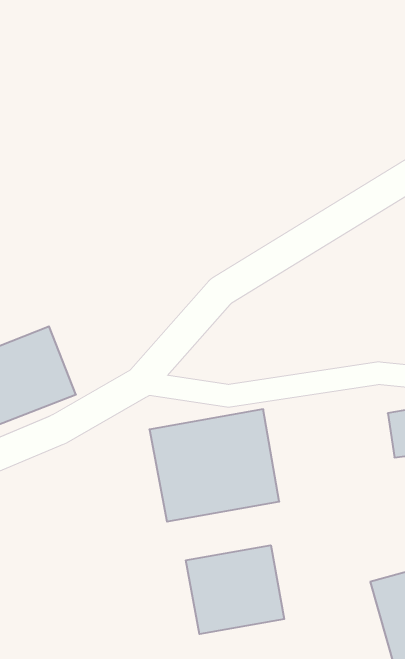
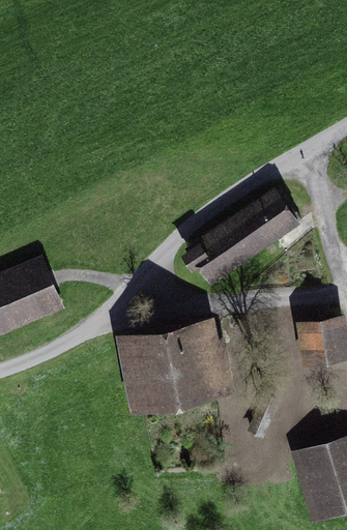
building: none -> [186,192,301,285]
building: [186,545,284,634] -> none

